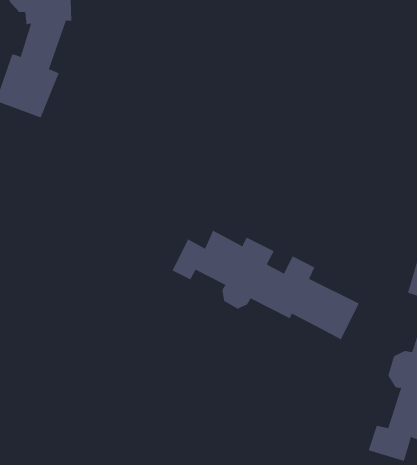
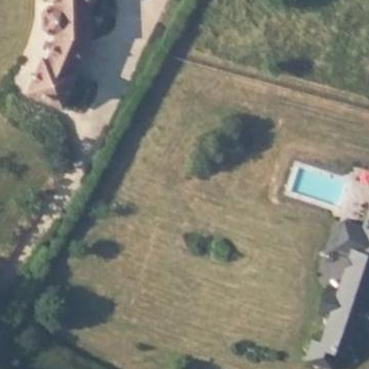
building: [172,230,360,340] -> none

